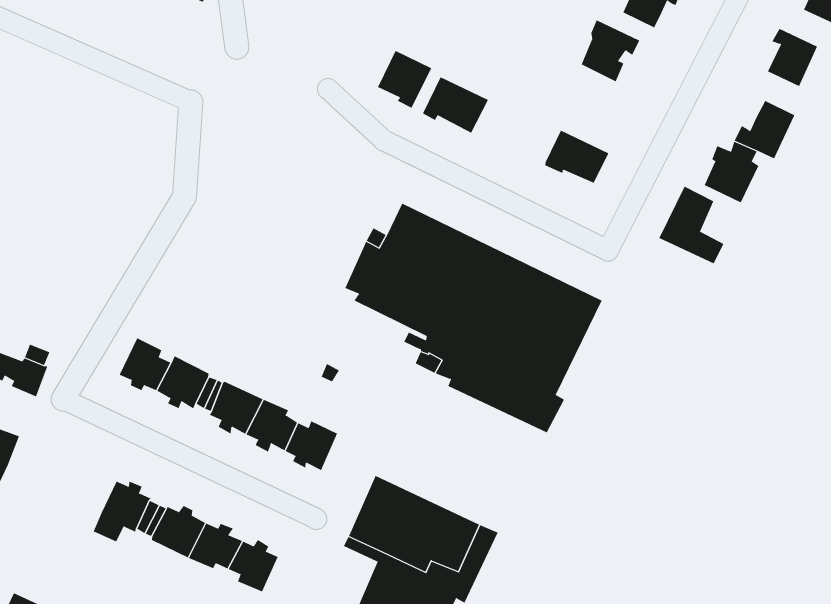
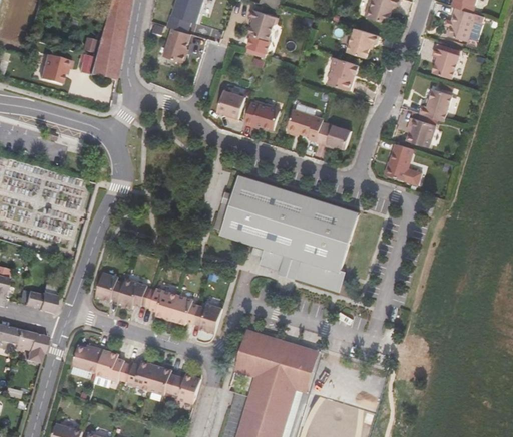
building: none -> [287,109,323,140]
building: none -> [72,344,103,376]

